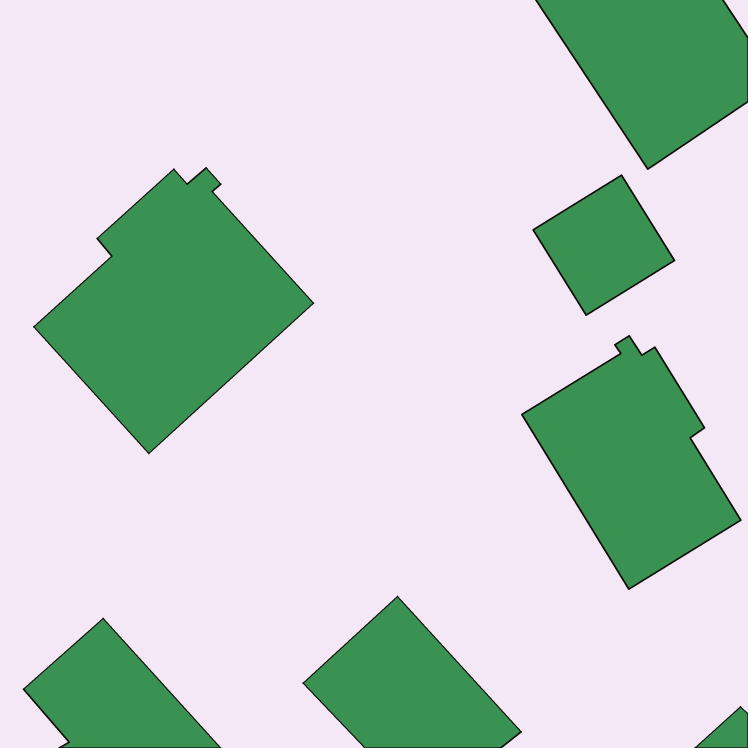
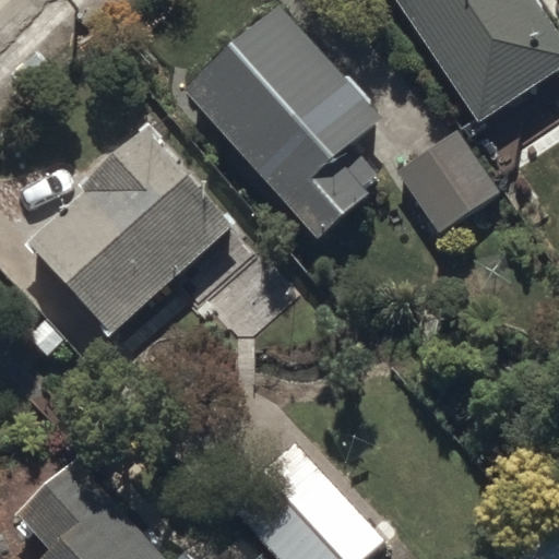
building: none -> [181,4,382,242]
building: [522,336,741,589] -> none

